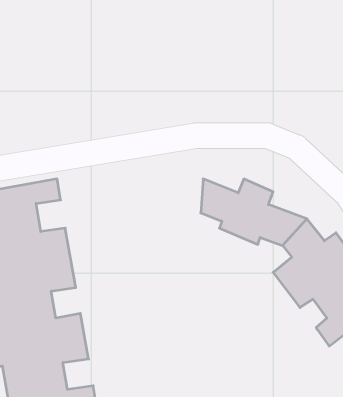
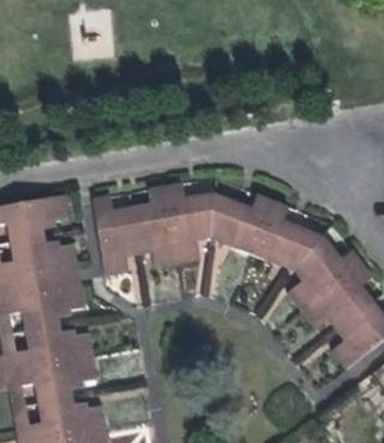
building: none -> [93,184,216,274]

